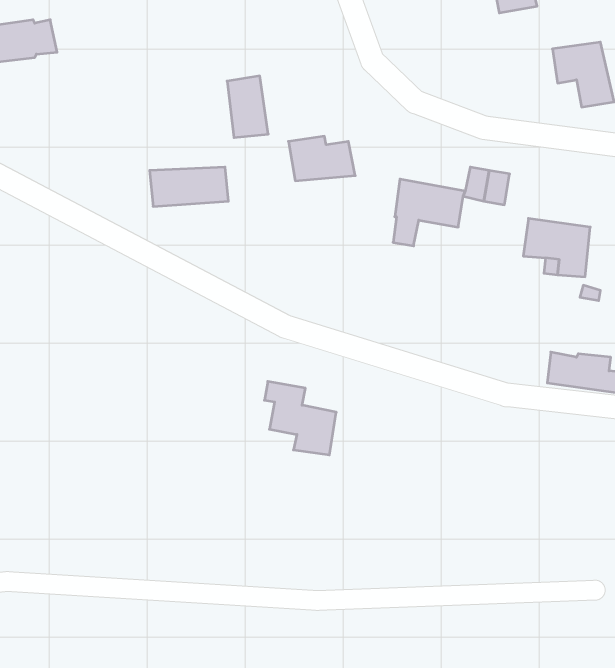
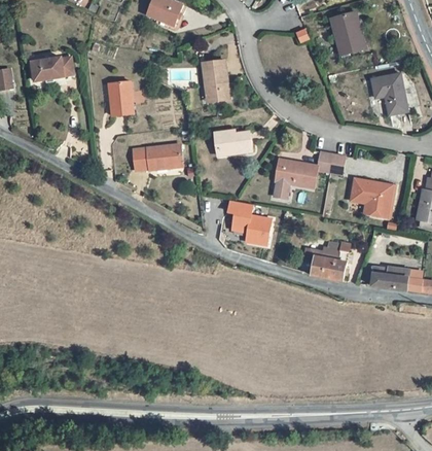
building: none -> [109,84,132,118]
building: [227,76,268,138] -> [205,64,229,101]
building: none -> [302,236,348,274]
building: [264,381,336,455] -> [225,199,268,243]

